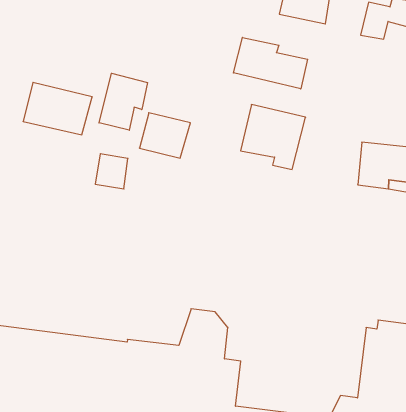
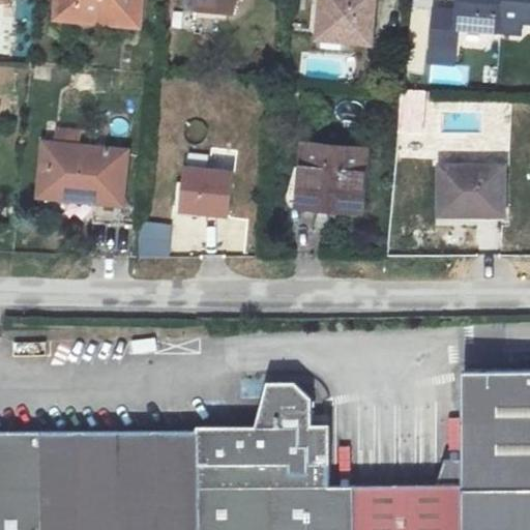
building: [233,37,308,89] -> none
building: [99,73,148,130] -> none

